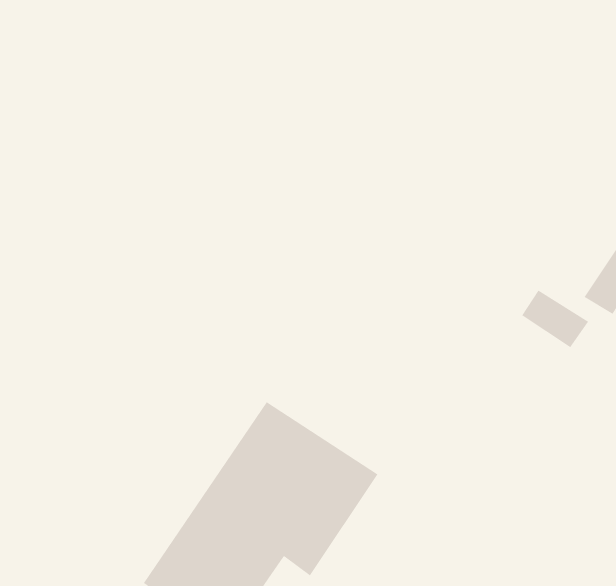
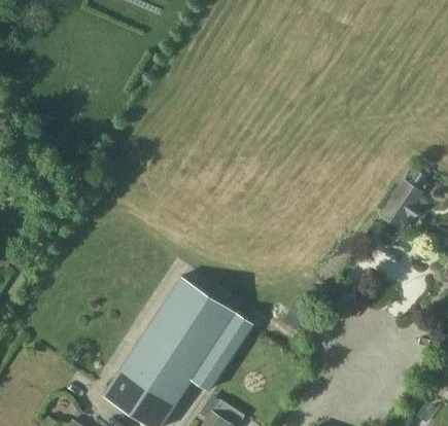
building: [521,289,589,348] -> none

